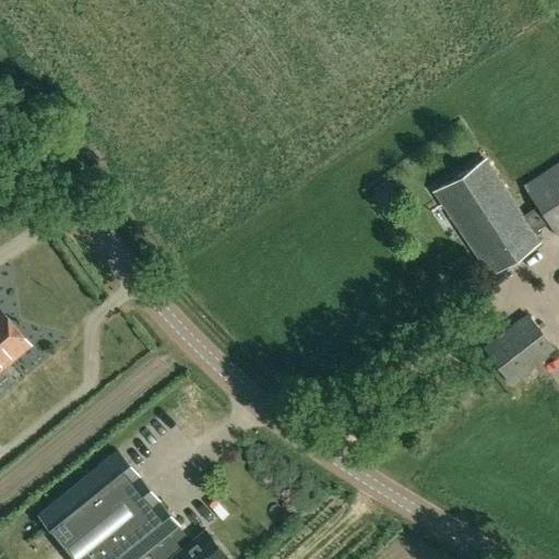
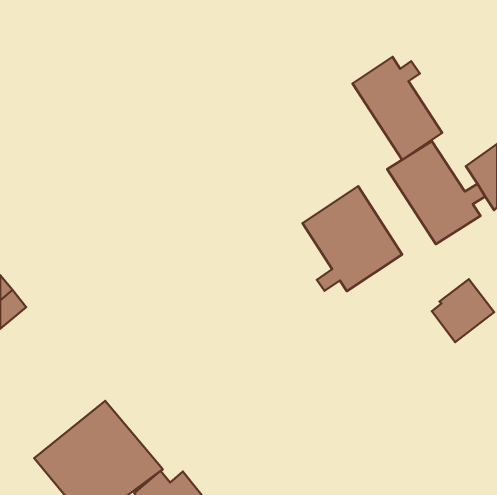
building: none -> [353,57,442,160]
building: none -> [302,186,402,291]

